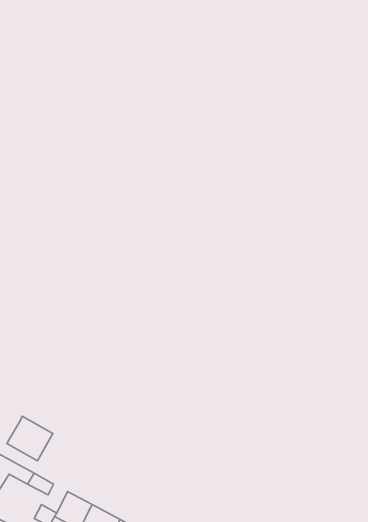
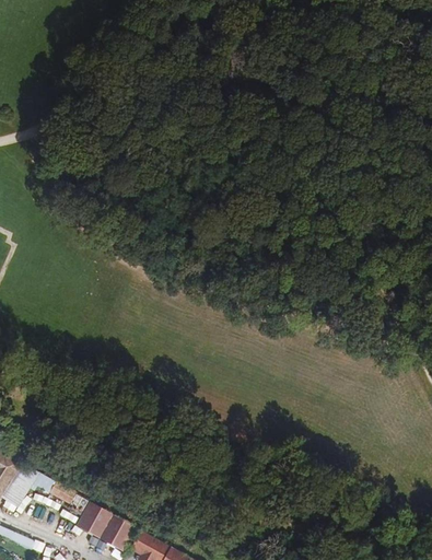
building: [7,416,53,461] -> none

